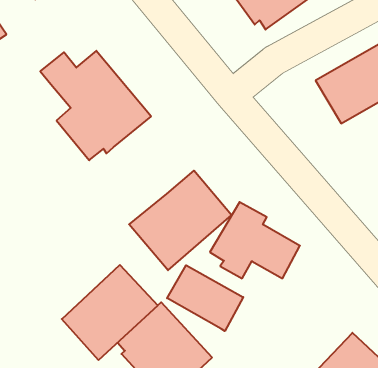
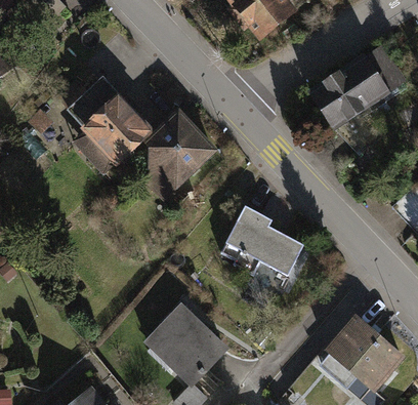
building: [129,171,232,270] -> [127,109,220,201]
building: [62,265,158,360] -> none
building: [167,265,243,331] -> none

